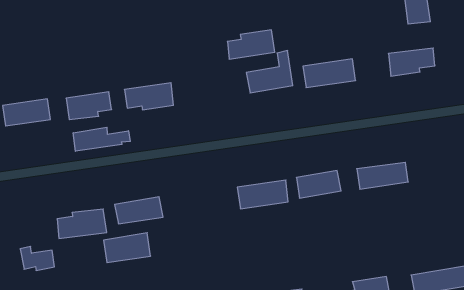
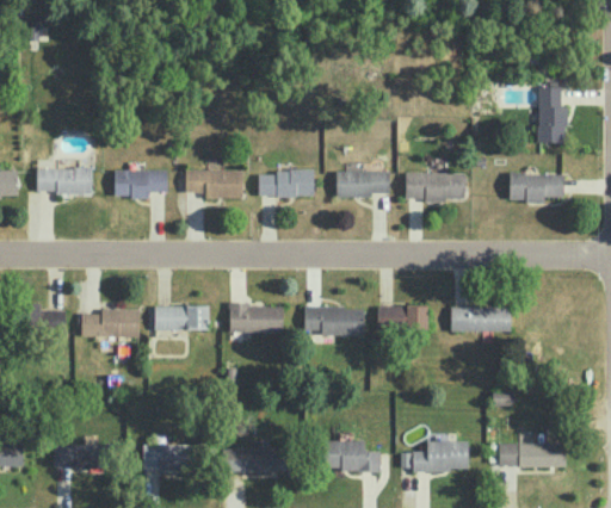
building: [227,30,275,59] -> [258,169,314,197]
building: [73,127,130,151] -> none
building: [104,233,151,263] -> [229,304,283,333]
building: [20,246,54,270] -> [26,303,64,333]

